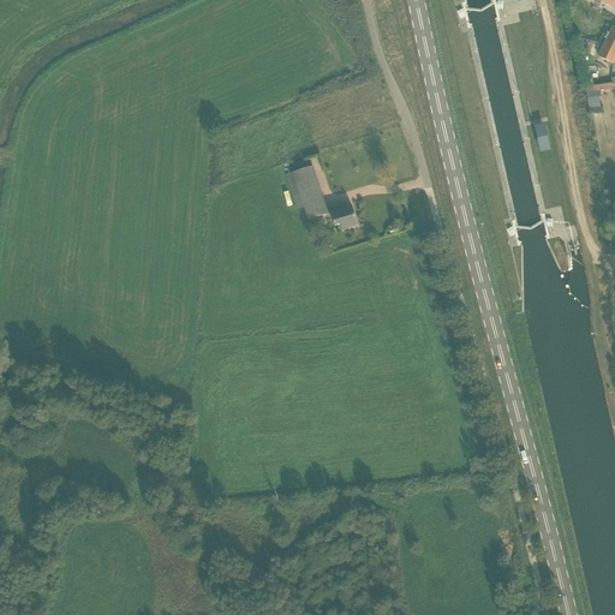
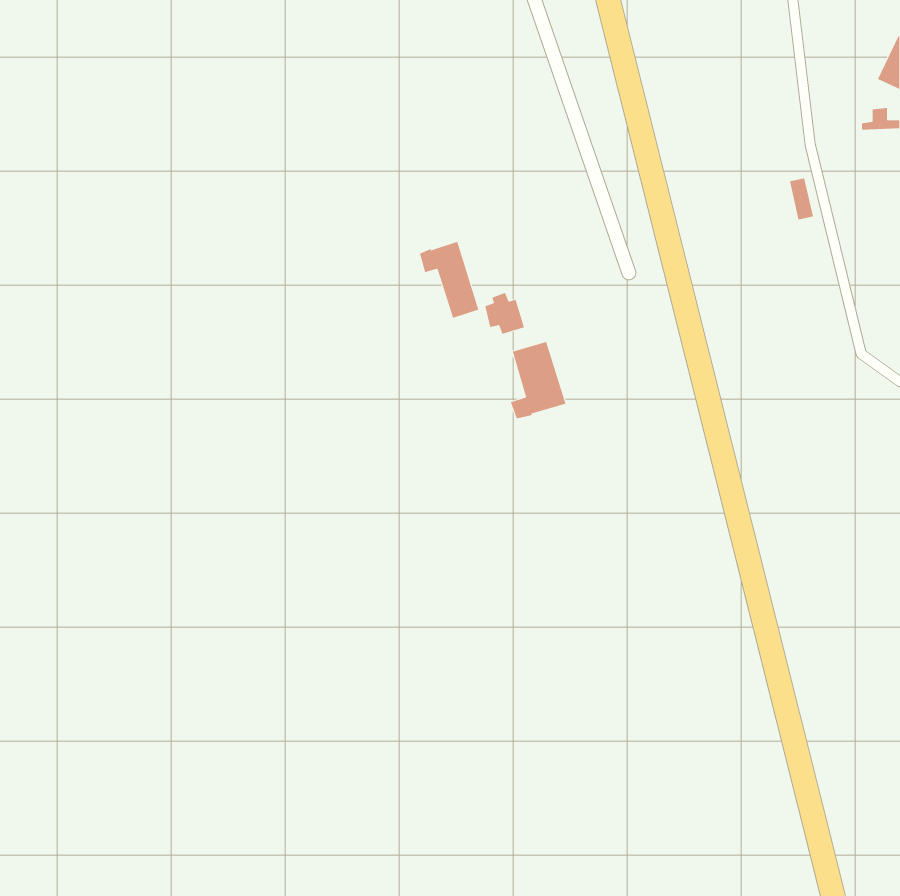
building: none -> [510,341,566,419]

